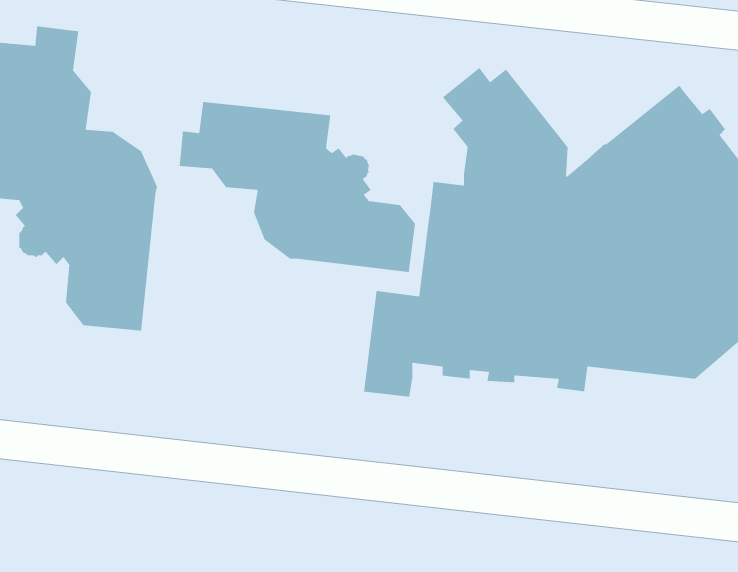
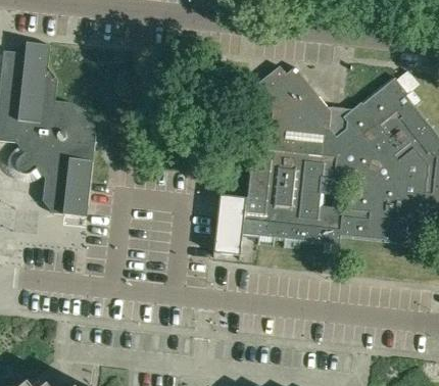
building: [179,101,416,273] -> none

